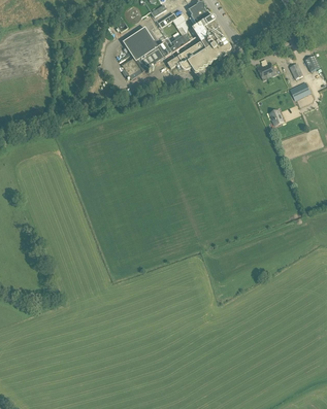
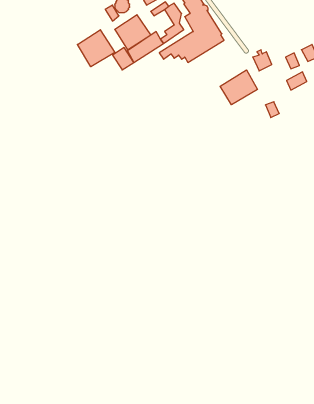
building: none -> [77,30,115,67]
building: none -> [220,70,257,105]

